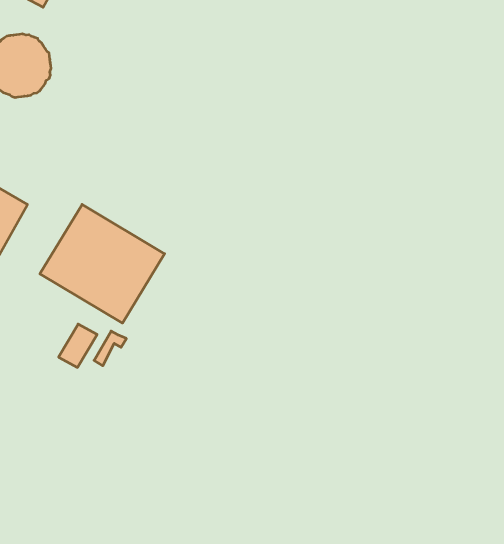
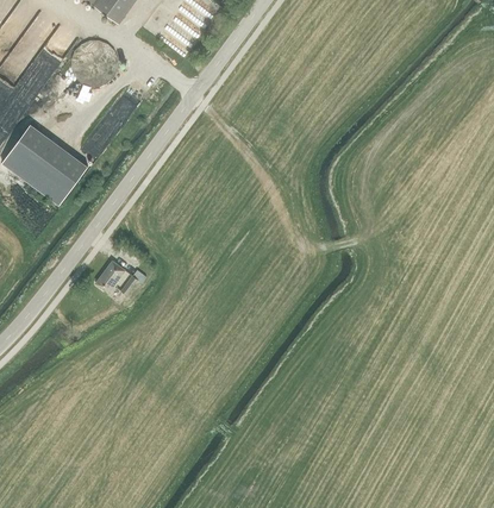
building: [40,204,165,323] -> none

